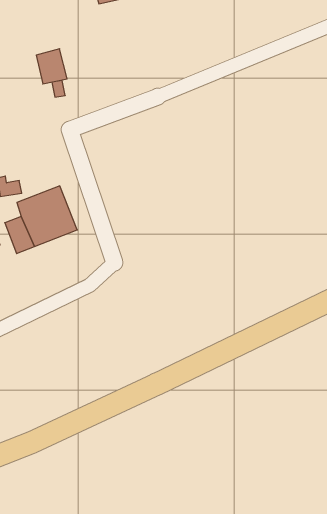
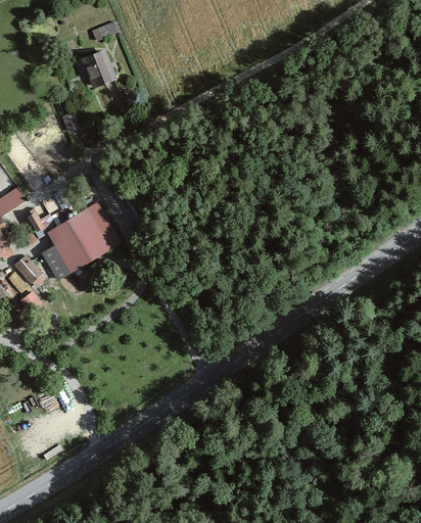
building: [36,49,67,84] -> [85,50,116,85]

